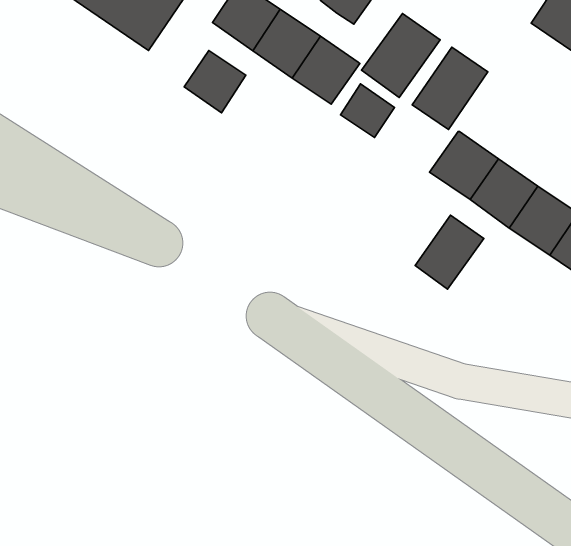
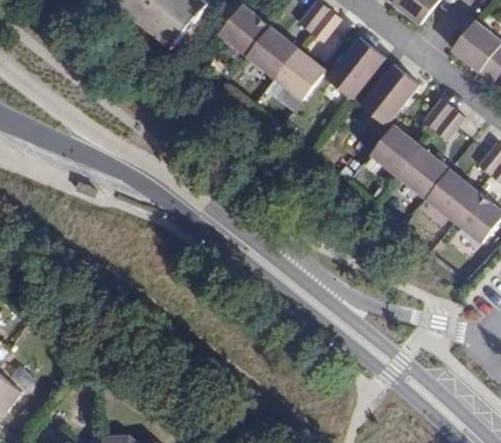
building: [184,50,246,113] -> none
building: [341,84,395,137] -> none
building: none -> [422,99,465,141]
building: [415,215,484,289] -> none

